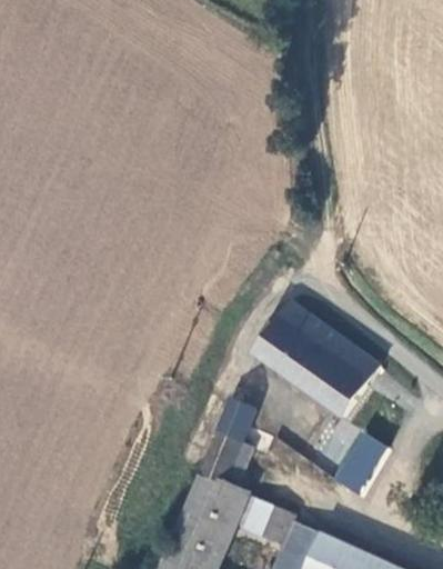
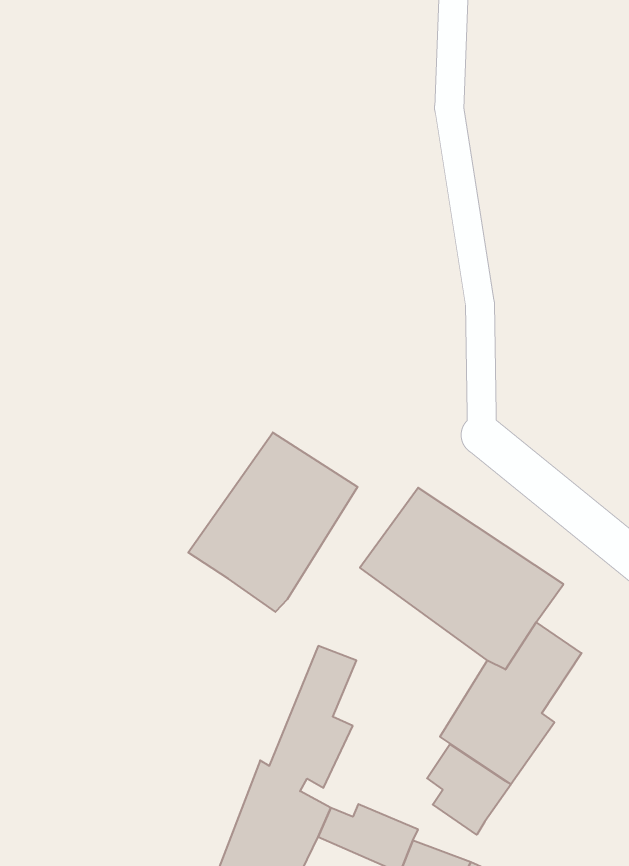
building: none -> [188,432,358,612]
building: none -> [427,744,511,835]

